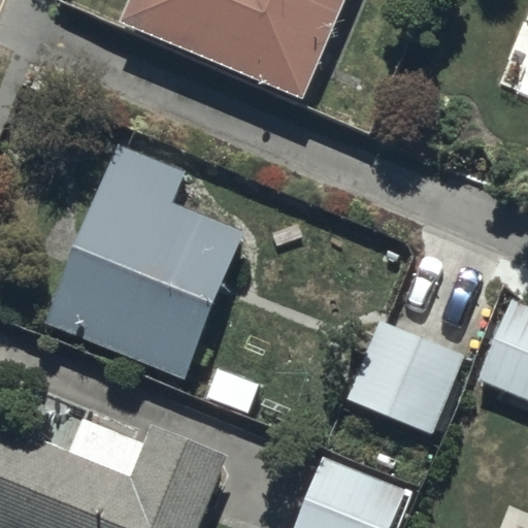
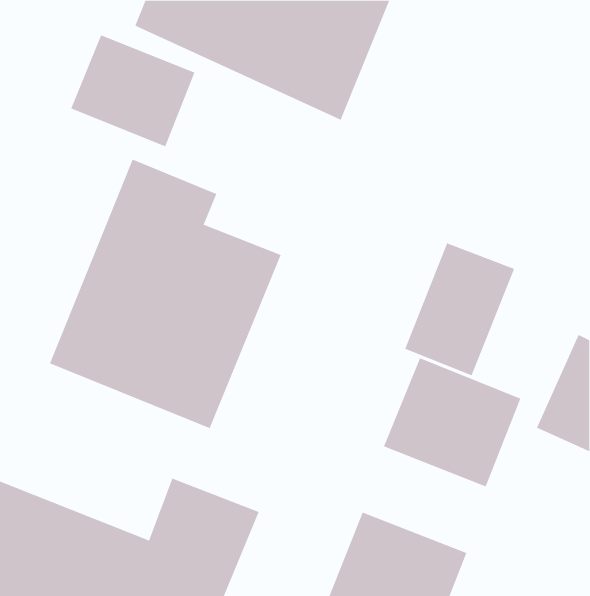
building: none -> [71,34,195,147]
building: none -> [405,243,515,376]

